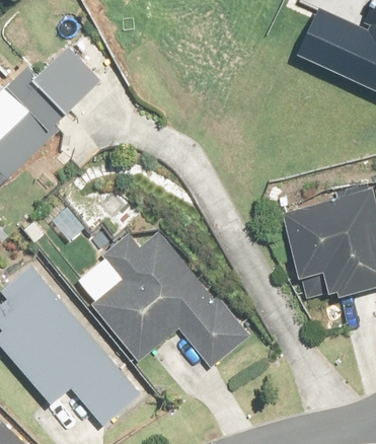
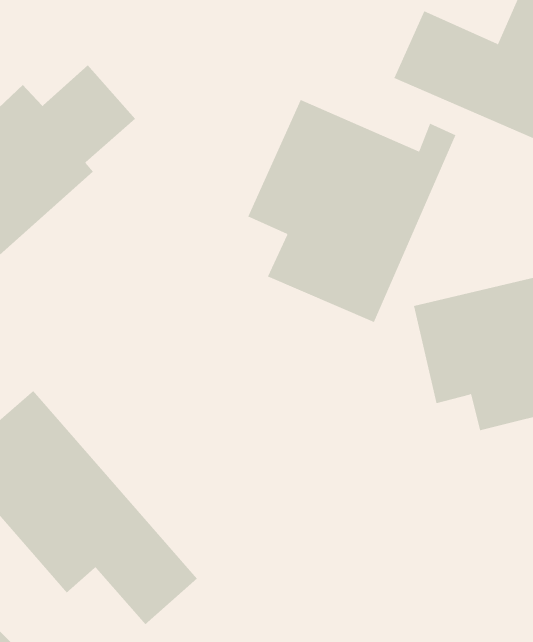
building: none -> [248,99,456,323]
building: [89,232,249,371] -> none

